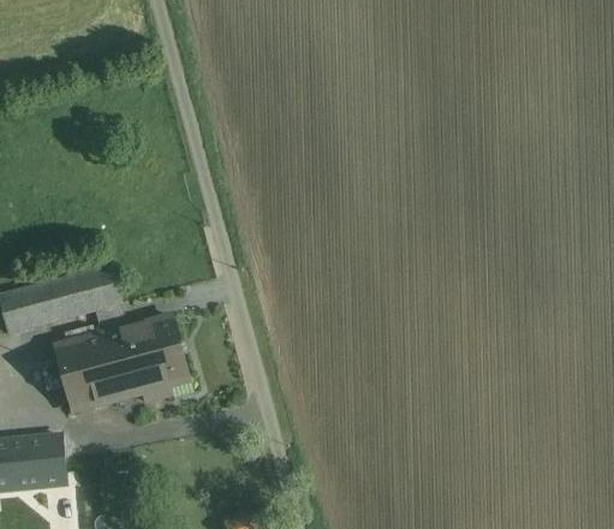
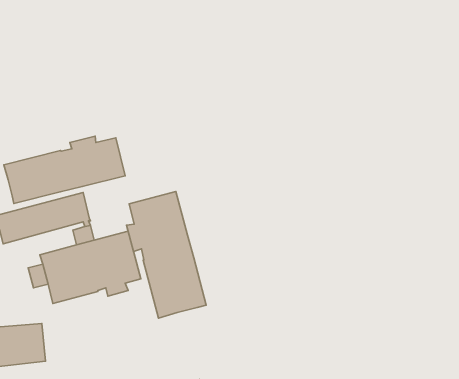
building: none -> [4,136,125,203]
building: none -> [127,191,206,318]

